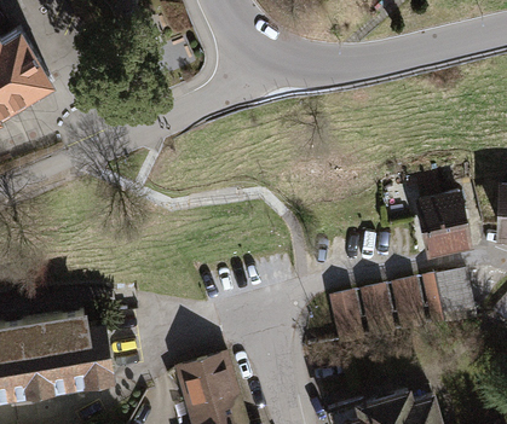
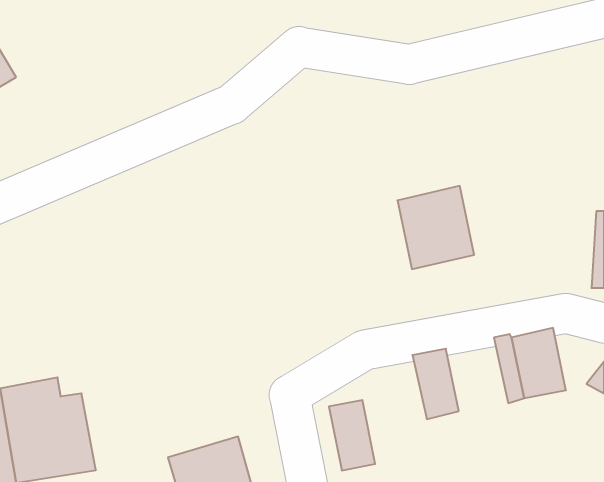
building: [415,194,473,257] -> [397,186,474,269]
building: [391,281,425,333] -> none
building: [328,292,363,345] -> [329,400,375,470]

